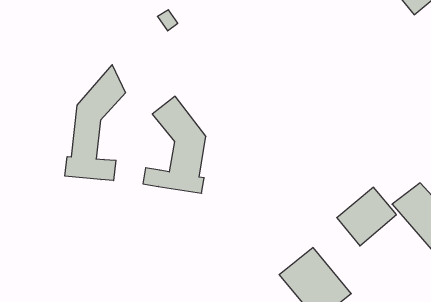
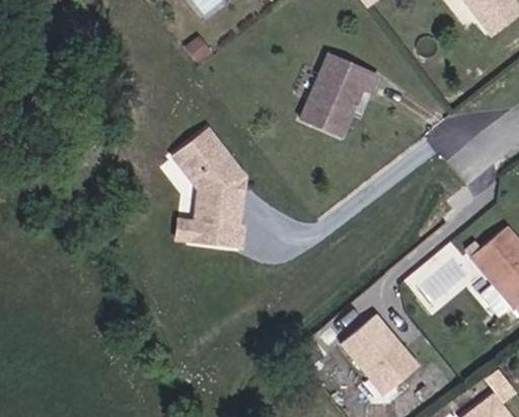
building: none -> [299,49,376,133]
building: [65,65,125,181] -> none

